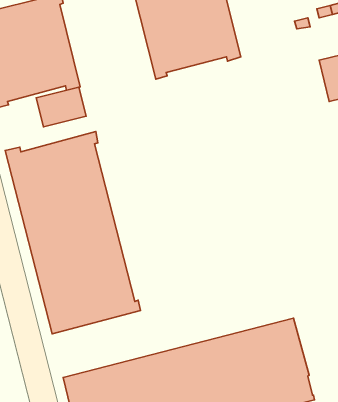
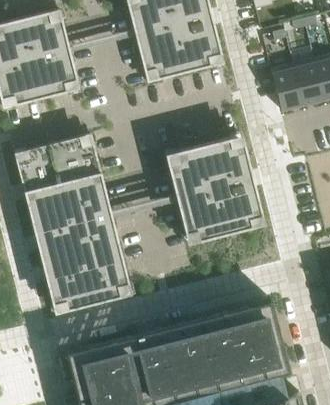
building: none -> [272,68,303,111]
building: [36,87,86,127] -> none
building: none -> [165,132,264,242]

